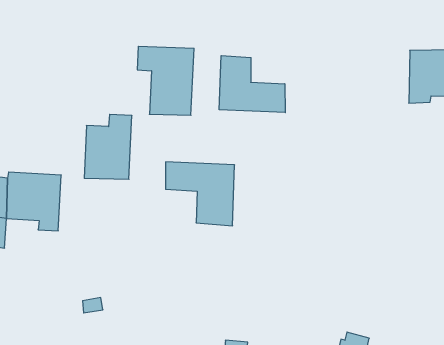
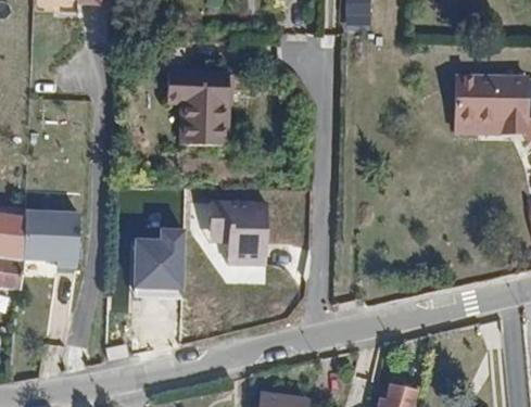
building: [219,56,285,113] -> none
building: [84,114,132,179] -> [136,230,187,300]

